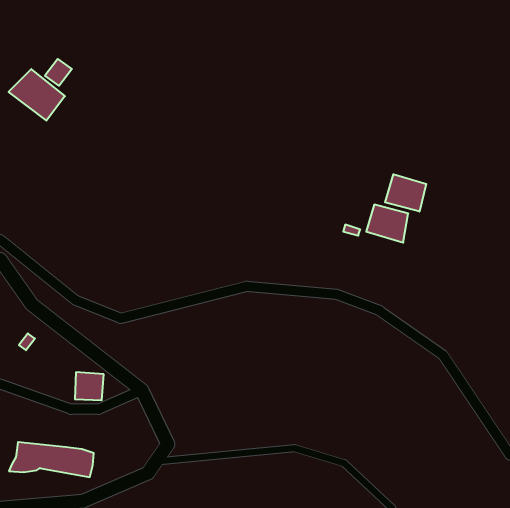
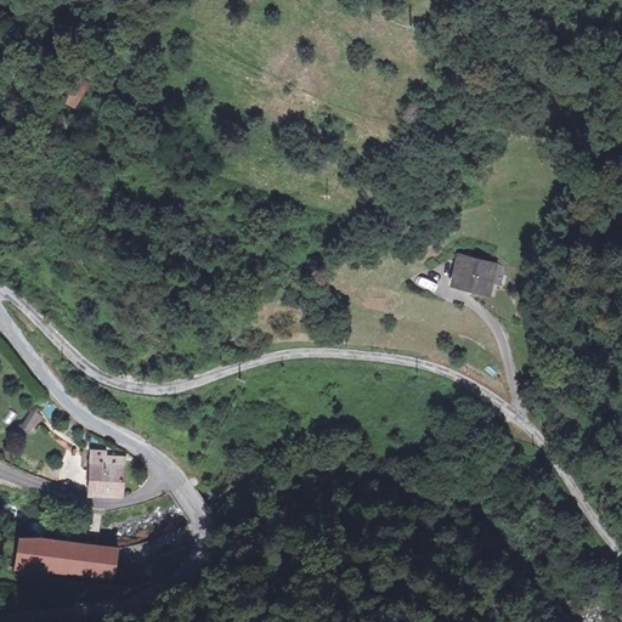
building: [9,69,65,121] -> none
building: [385,174,426,212] -> none

